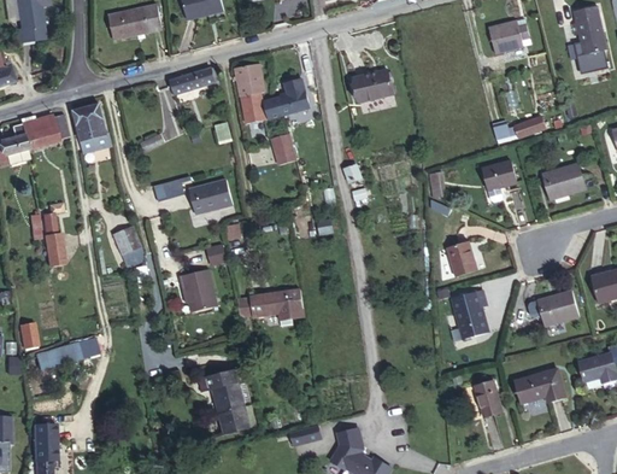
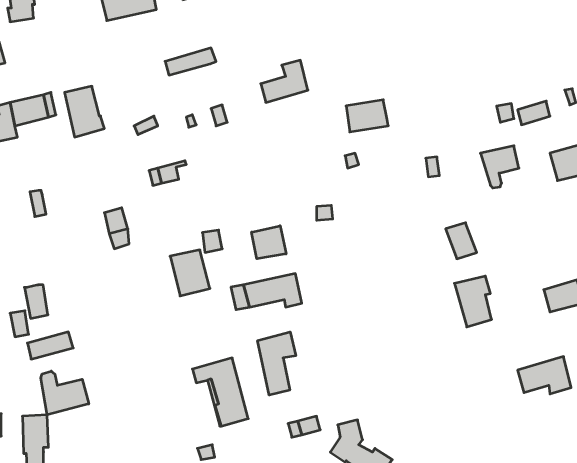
building: [487,25,525,57] -> none
building: [235,63,269,123] -> none
building: [348,64,389,95] -> [346,100,388,132]
building: [270,133,296,163] -> none
building: [189,179,234,213] -> none
building: [42,228,65,261] -> [24,285,48,318]
building: none -> [252,226,286,259]
building: none -> [258,332,296,395]
building: [474,379,501,417] -> none
building: none -> [41,371,89,415]

